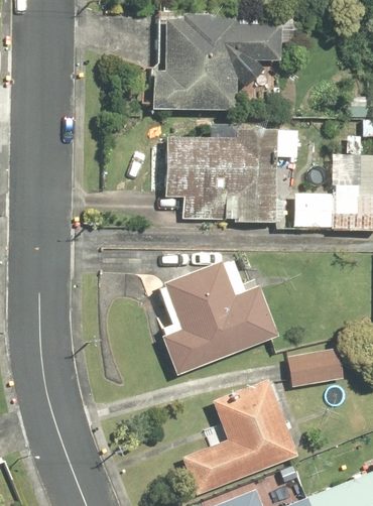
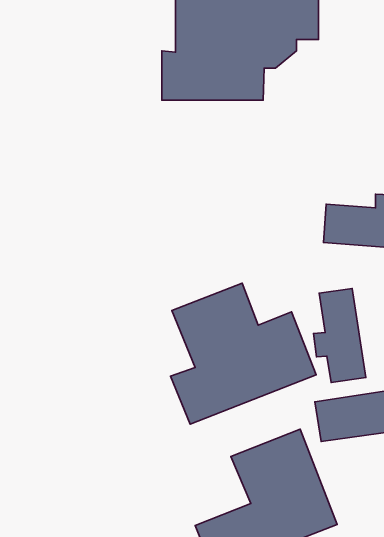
building: [165,127,297,222] -> none
building: none -> [314,288,366,383]

